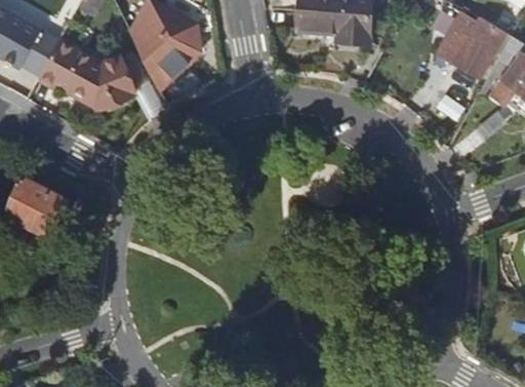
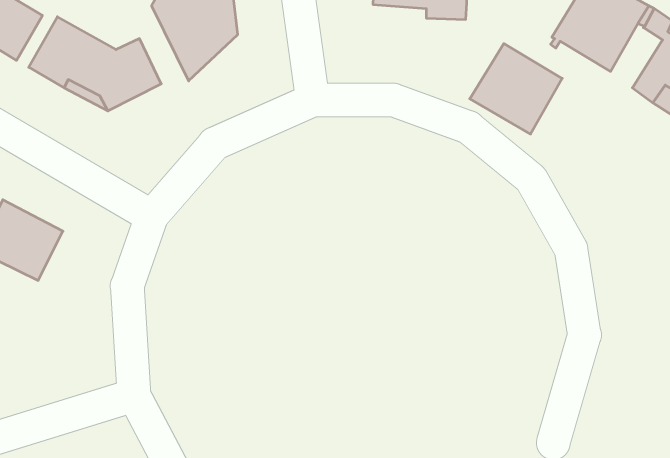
building: none -> [470,44,562,134]

